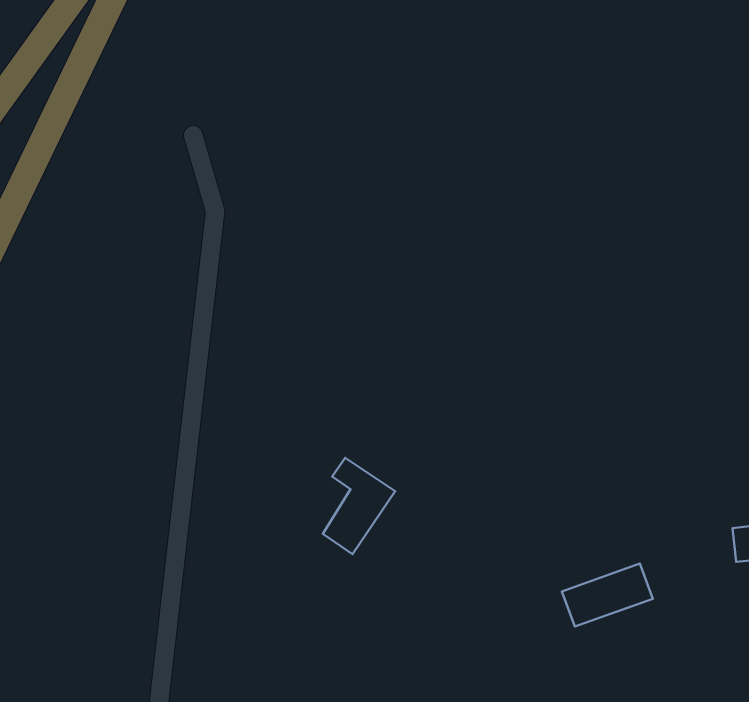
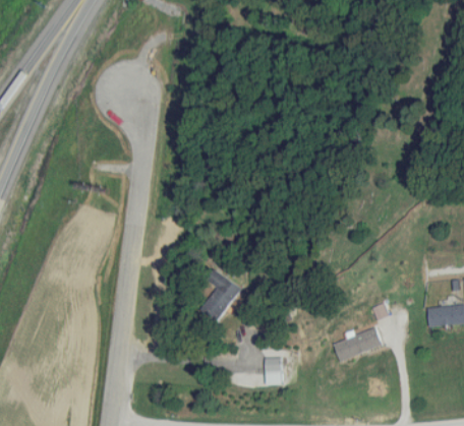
building: none -> [266,358,282,384]

